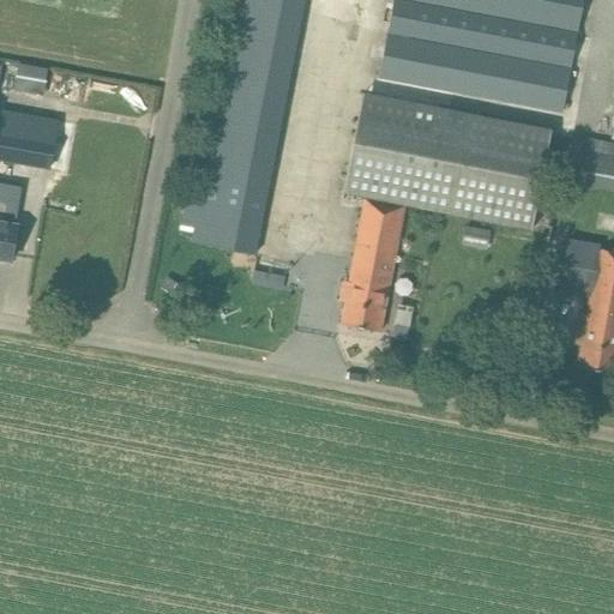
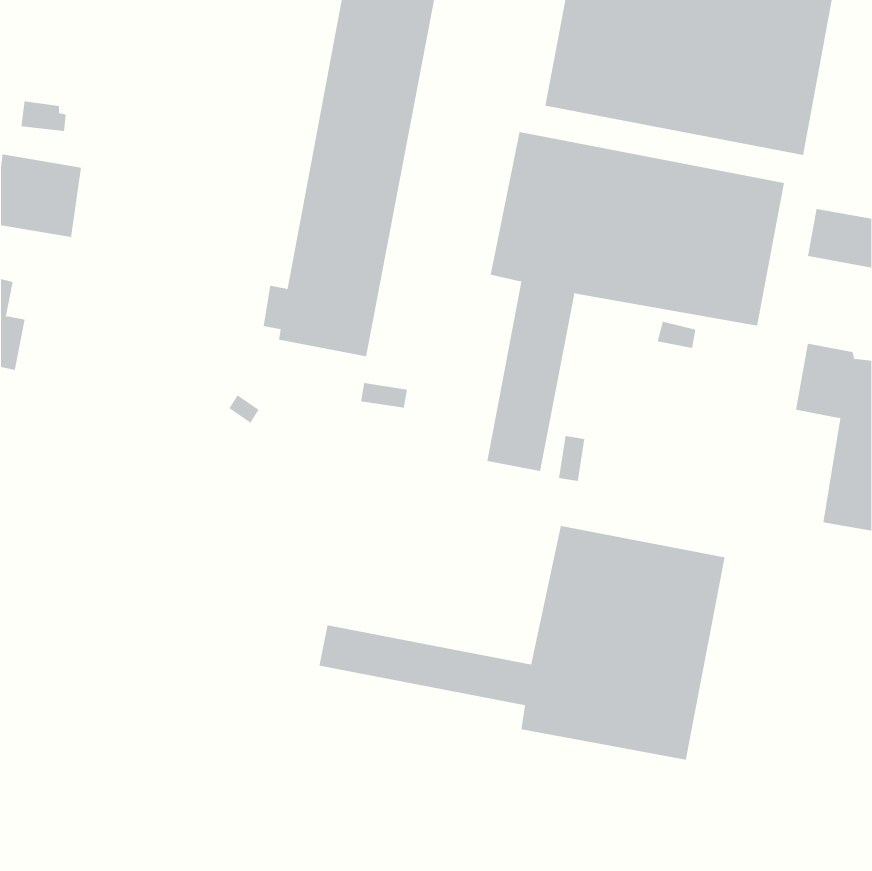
building: none -> [319,525,725,760]

